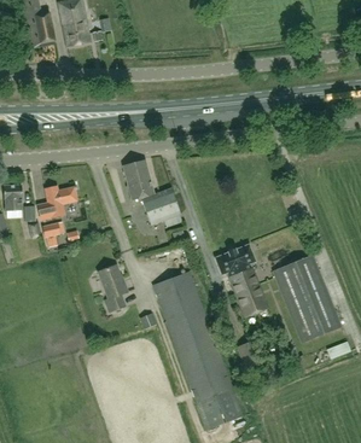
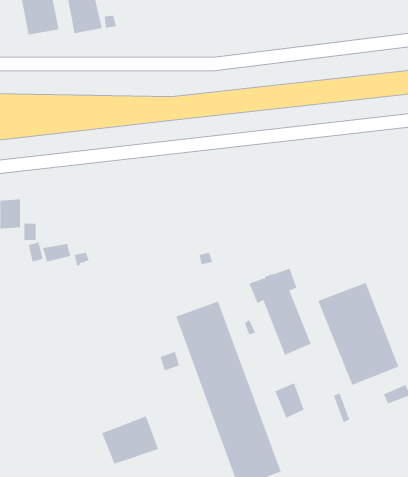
building: [123,161,182,227] -> none
building: [39,186,77,220] -> none
building: [99,266,128,311] -> none
building: none -> [101,416,159,464]

